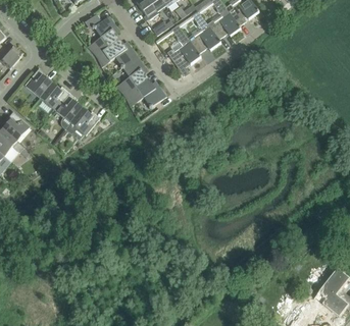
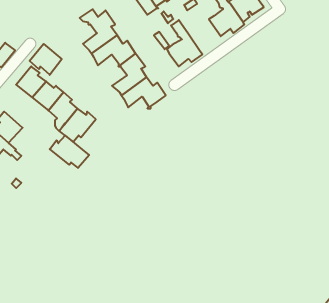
building: [187,9,220,53] -> none
building: none -> [30,44,62,75]
building: none -> [50,136,89,168]

